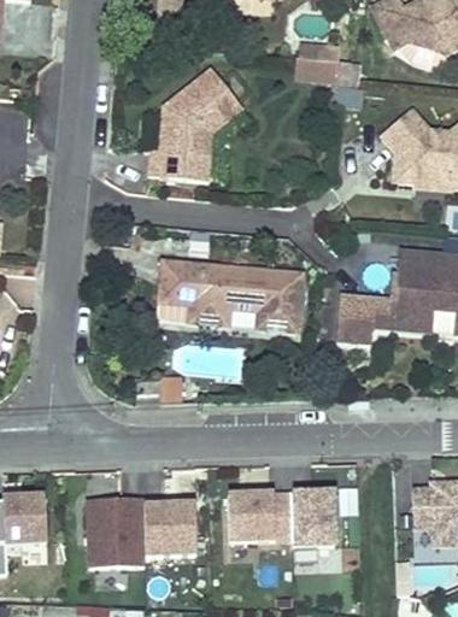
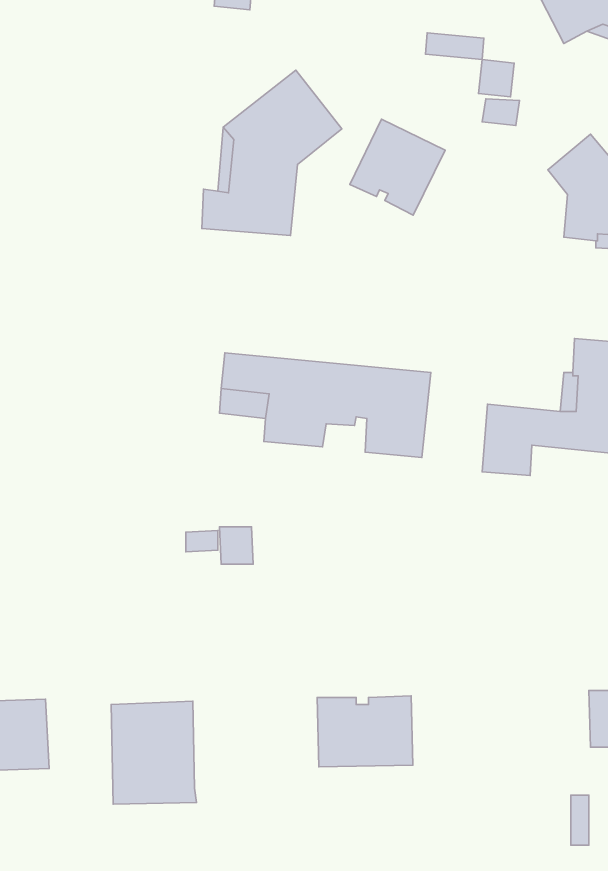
building: none -> [350,119,445,215]
building: [290,490,334,546] -> none
building: [142,495,195,554] -> none

